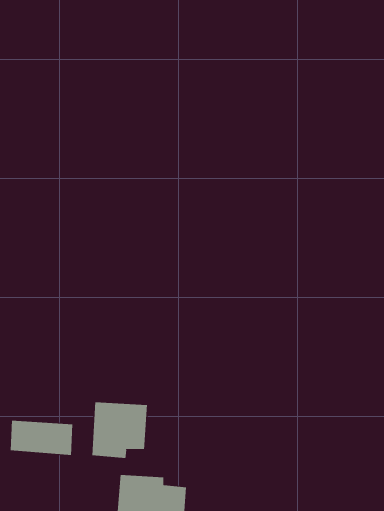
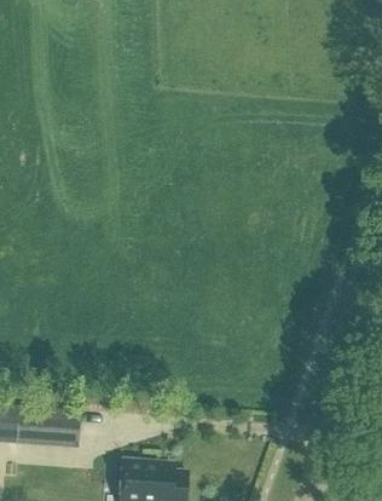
building: [92,401,147,459] -> none

